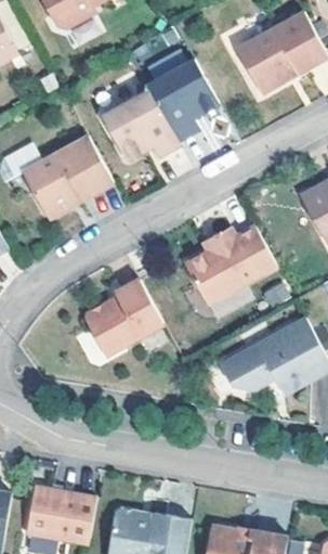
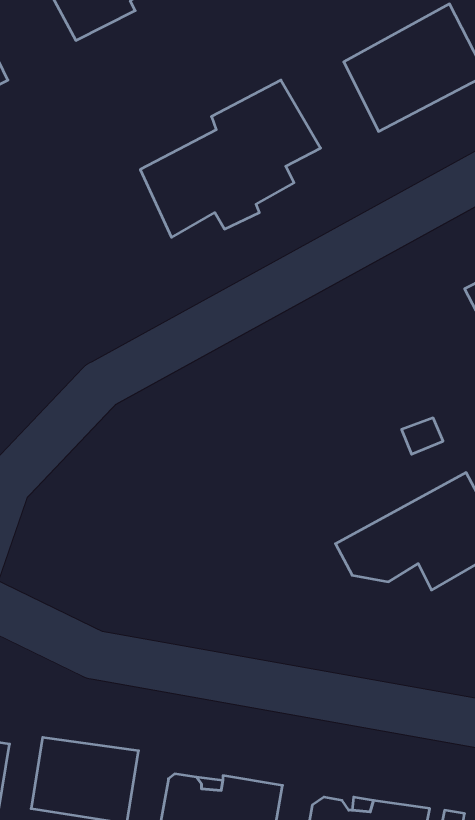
building: [12,136,105,219] -> none
building: [188,227,279,306] -> none
building: [89,278,165,357] -> none

